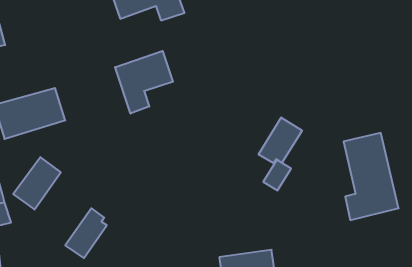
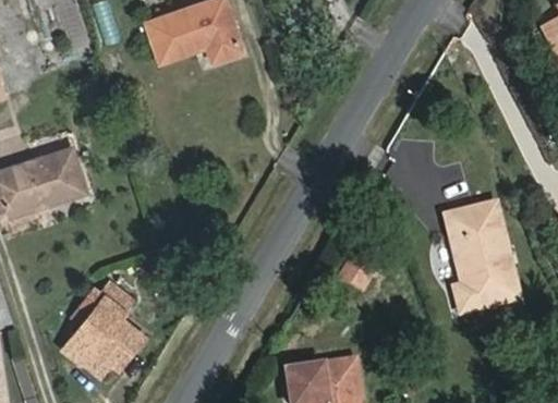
building: [115,51,173,114] -> none
building: [259,117,302,163] -> none
building: [13,157,61,210] -> [59,285,120,353]

